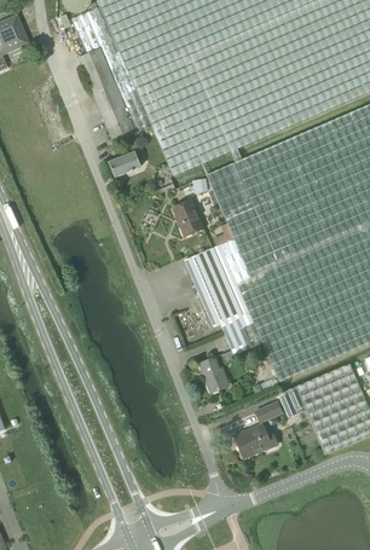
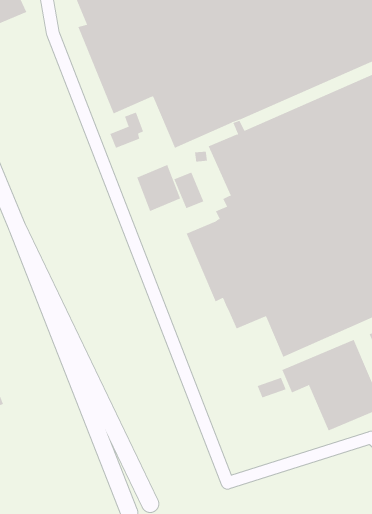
building: none -> [136,164,181,212]
building: [200,357,229,392] -> none
building: [233,423,276,456] -> none

